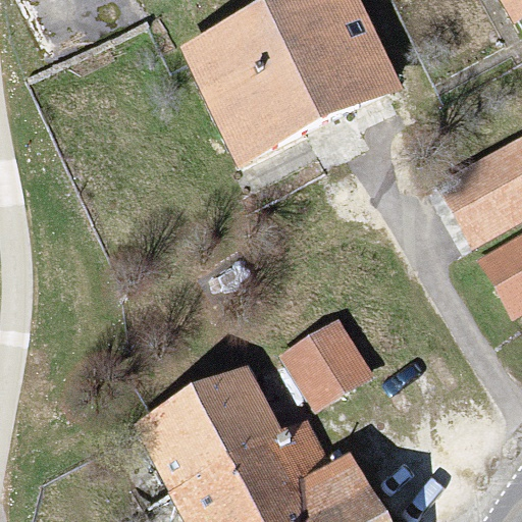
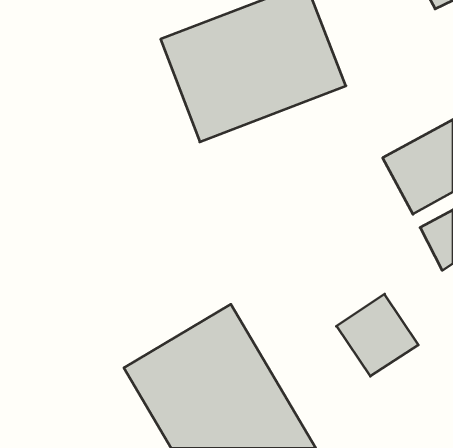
building: [282,318,376,412] -> [336,294,418,376]

